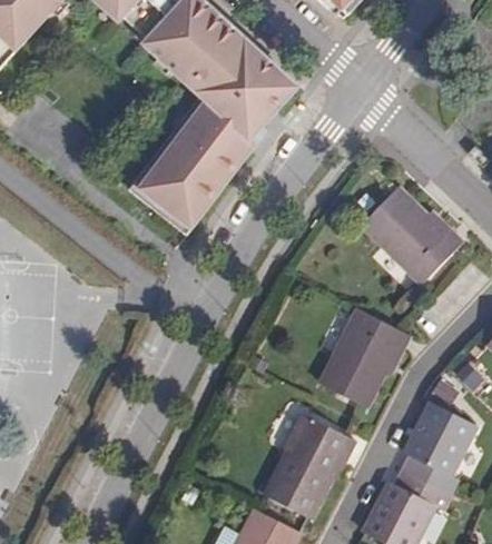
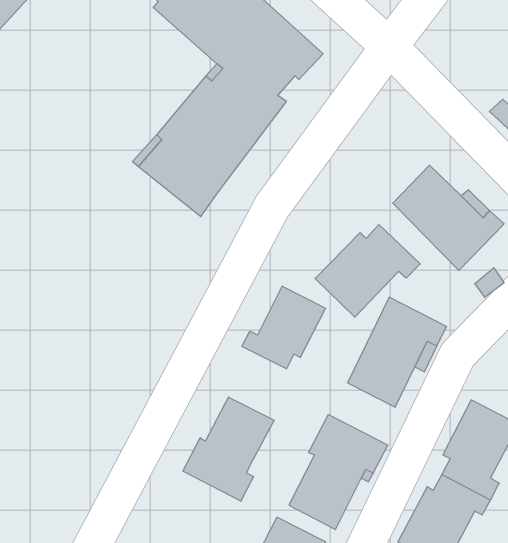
building: none -> [315,225,420,317]
building: none -> [242,286,326,369]
building: none -> [183,397,274,501]

